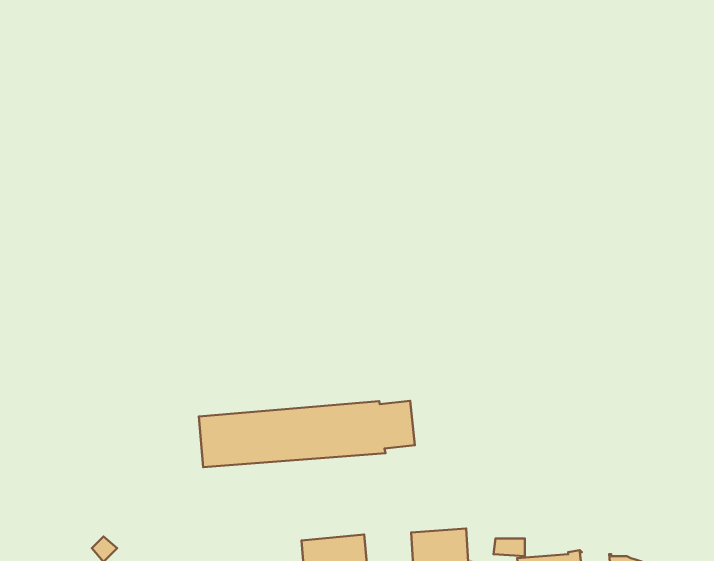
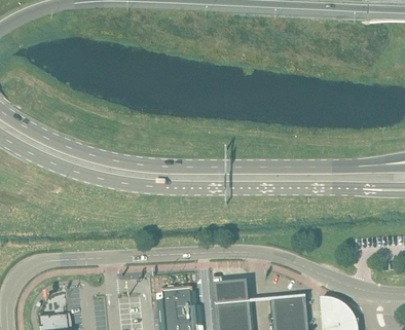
building: [199,401,415,467] -> none

